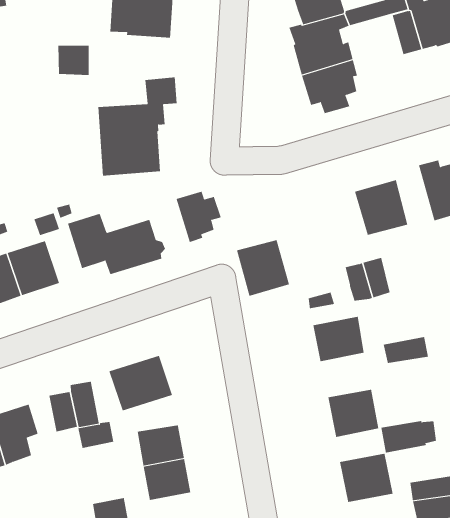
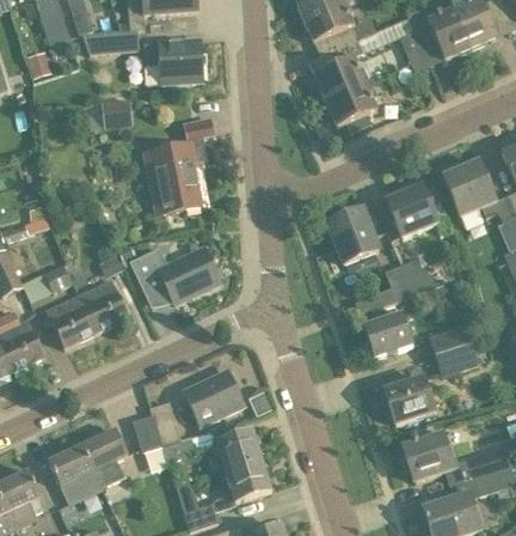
building: [176,191,221,243] -> none
building: [236,239,290,297] -> [327,209,380,264]
building: [380,421,437,453] -> [435,340,487,374]

